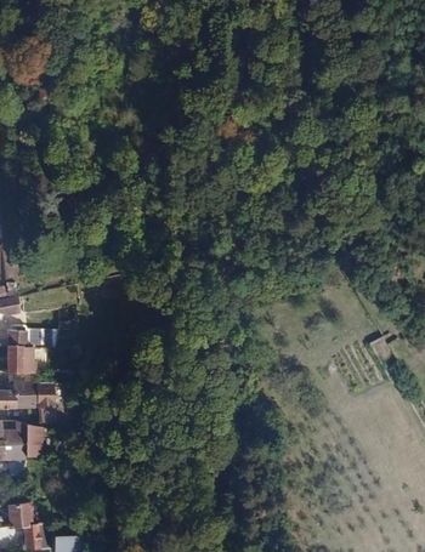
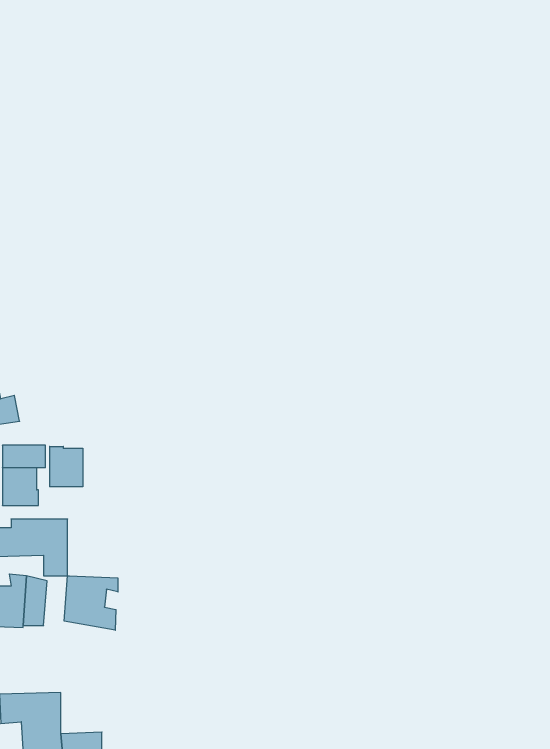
building: none -> [50,446,83,487]
building: none -> [64,576,118,630]

